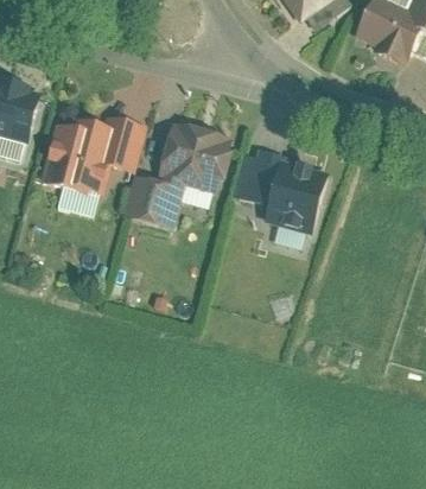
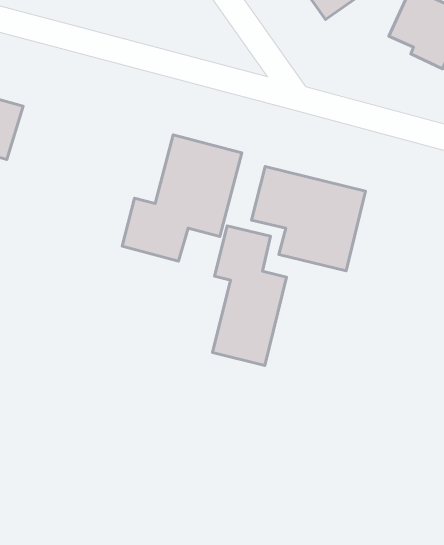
building: [39,115,146,216] -> none
building: none -> [212,226,287,365]

